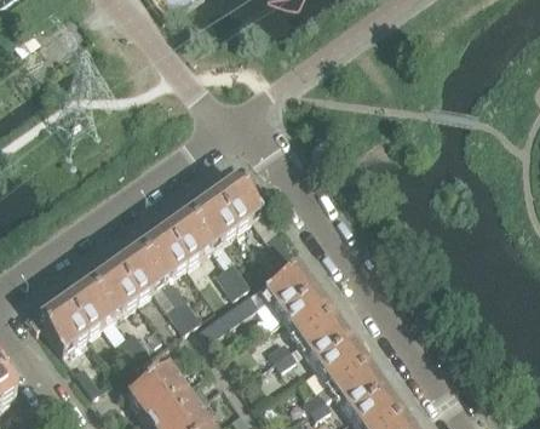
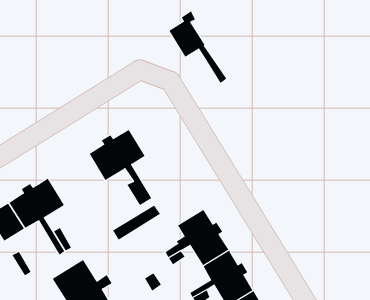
building: [213,165,292,256] -> [168,10,227,84]
building: [114,228,199,325] -> none
building: [265,253,315,311] -> none

